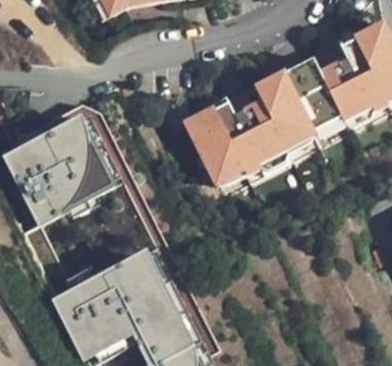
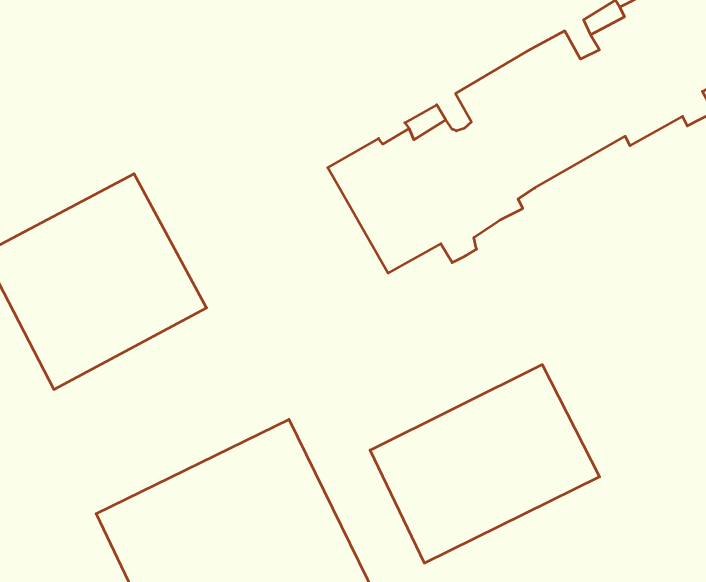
building: none -> [370,365,600,563]

